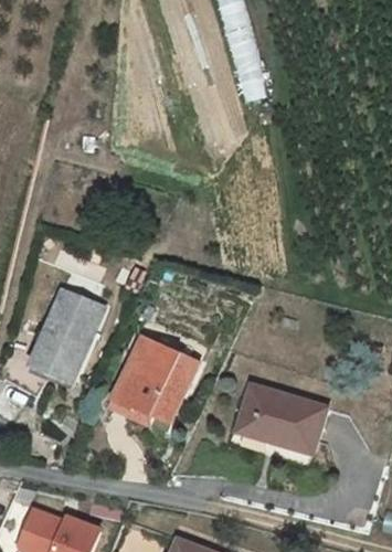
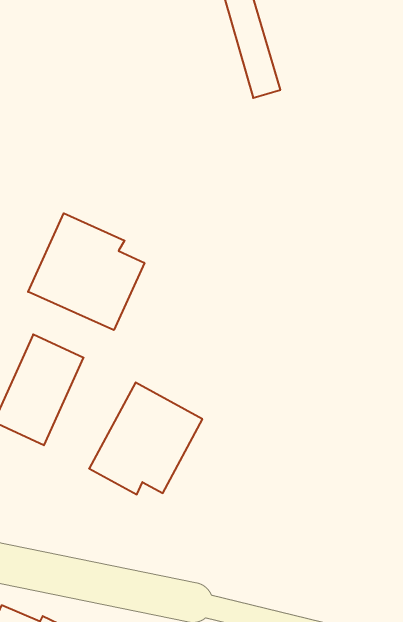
building: none -> [28,213,144,330]
building: [226,391,318,468] -> none

